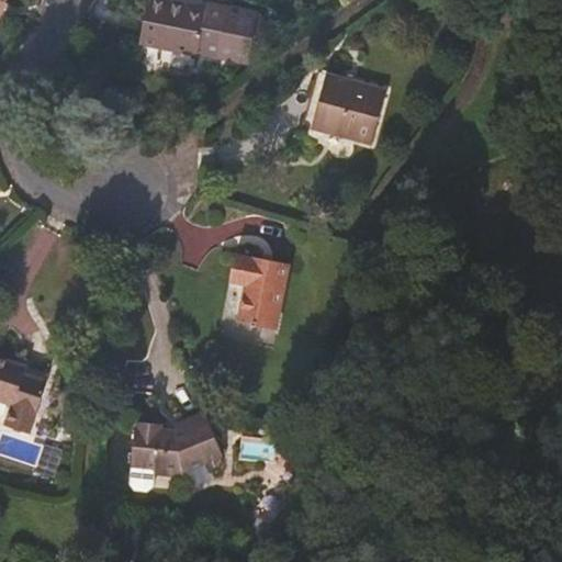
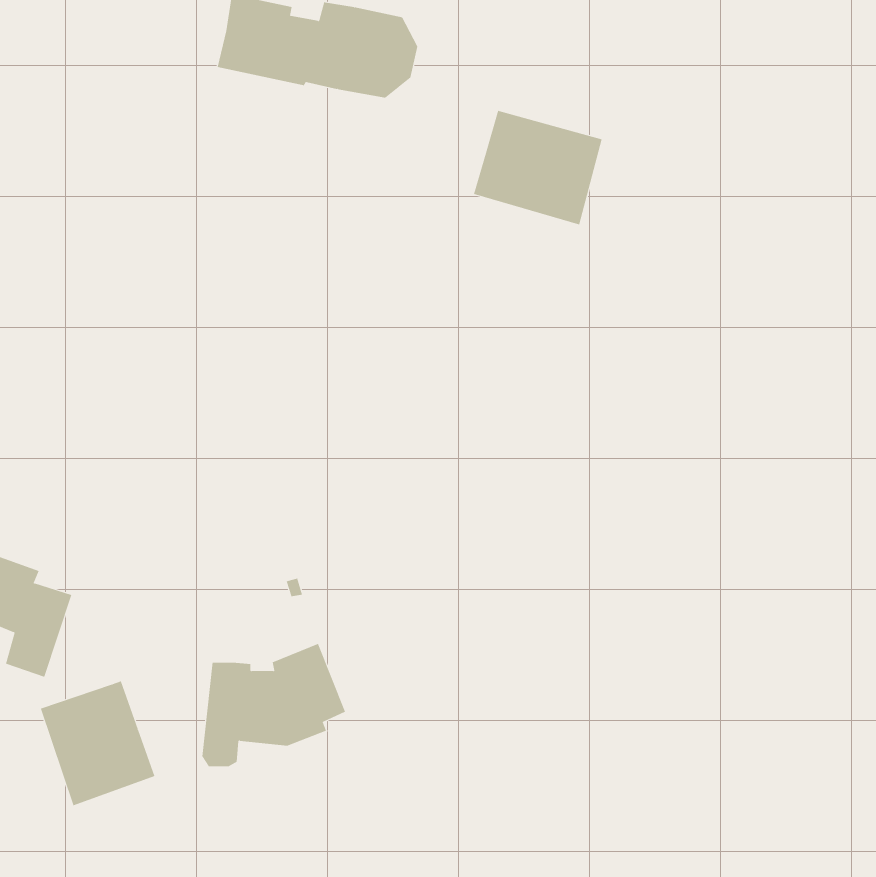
building: [228,254,289,329] -> none
building: none -> [40,681,155,806]

